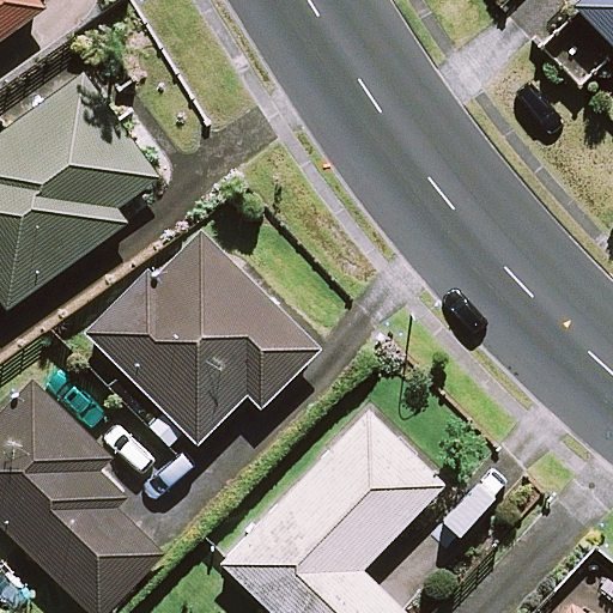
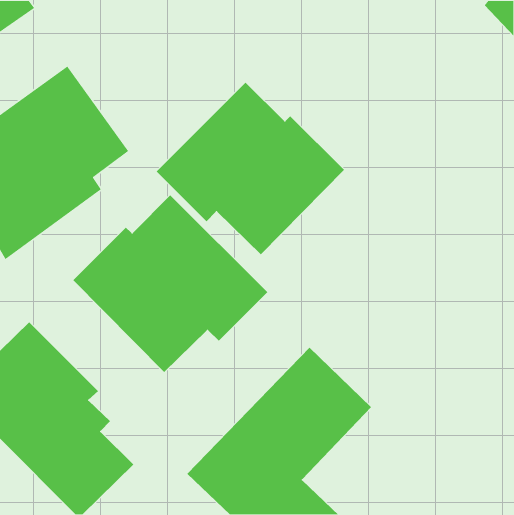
building: none -> [156,82,345,255]

